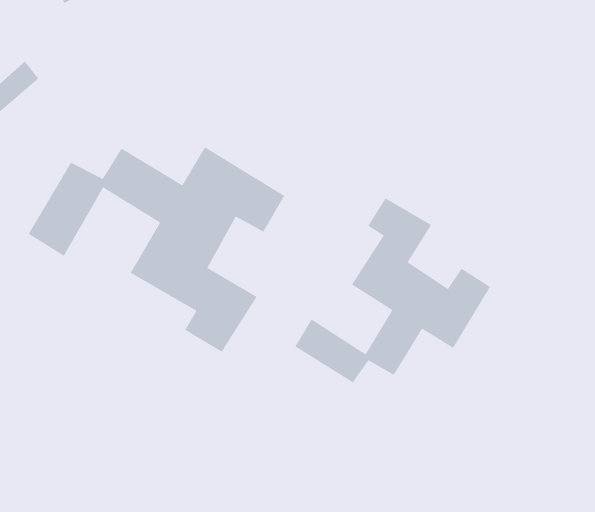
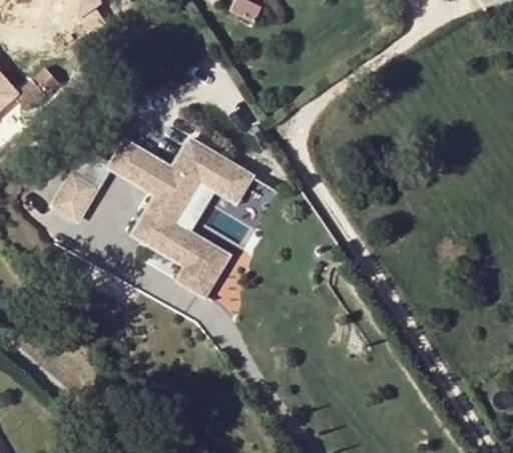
building: [294,197,491,383] -> none

